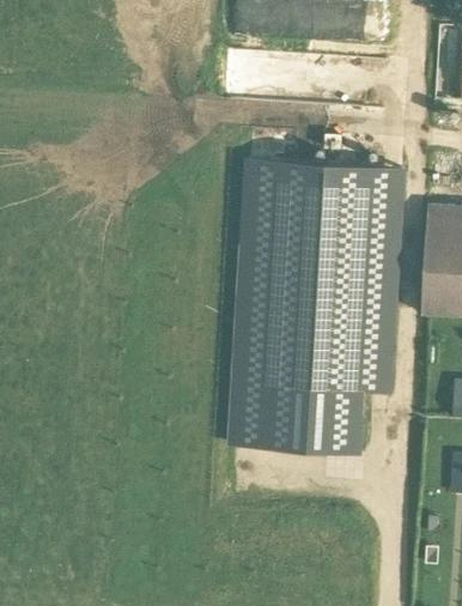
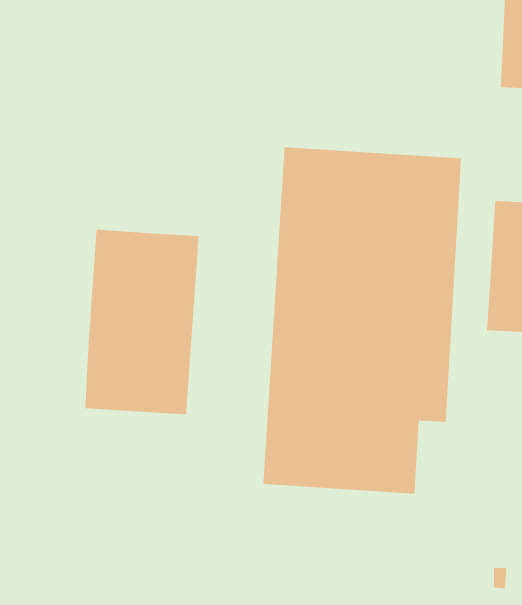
building: none -> [85,229,199,415]

